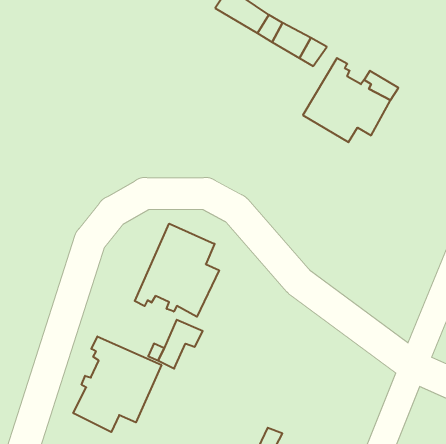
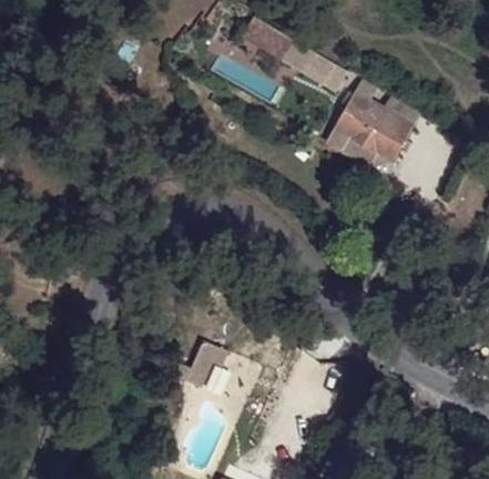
building: [135,224,219,317] -> none
building: [73,336,161,432] -> none

